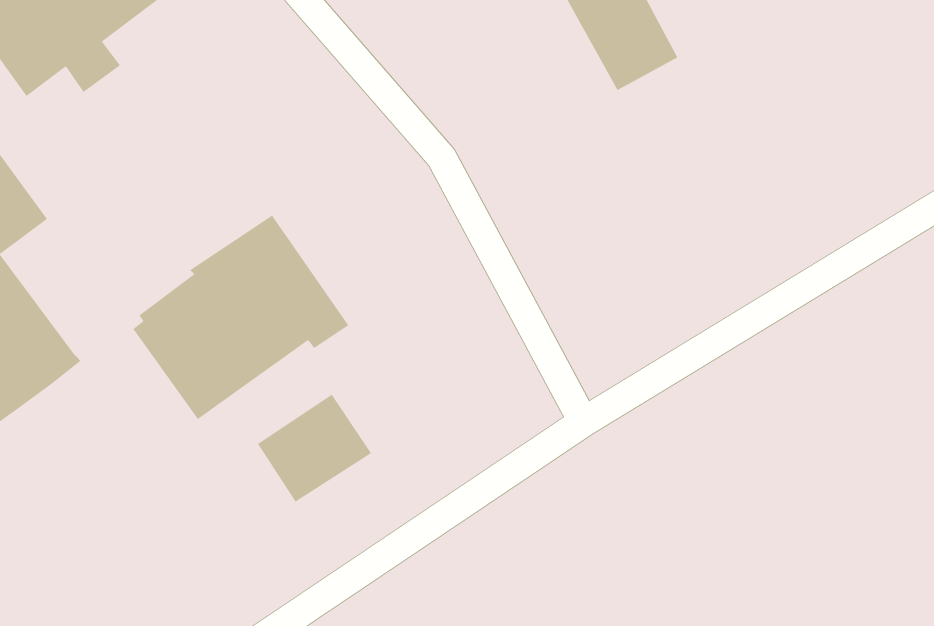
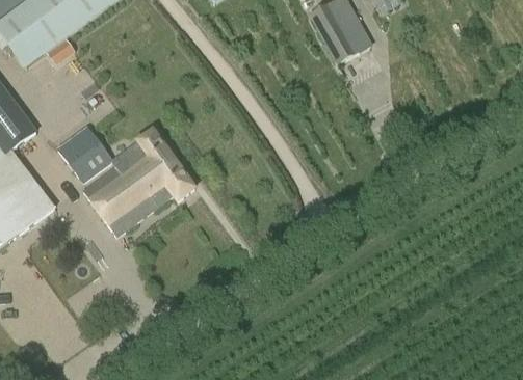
building: none -> [56,125,113,184]
building: [257,394,372,502] -> none

